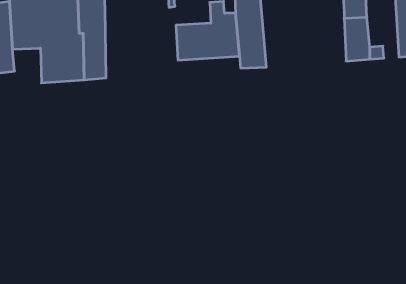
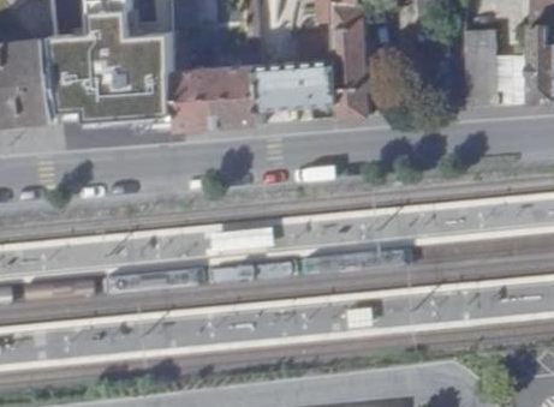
building: none -> [175,42,264,125]
building: none -> [64,89,99,133]

